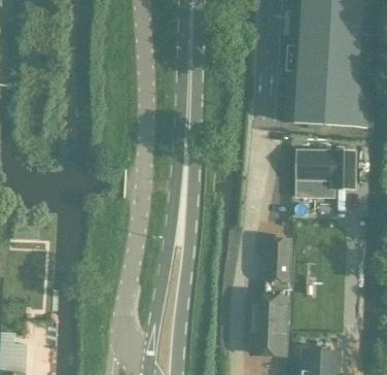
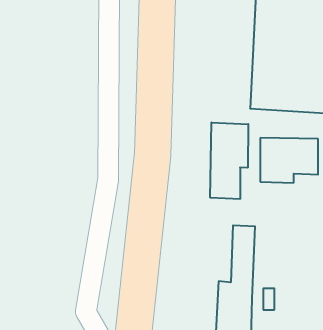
building: none -> [210,122,248,199]

